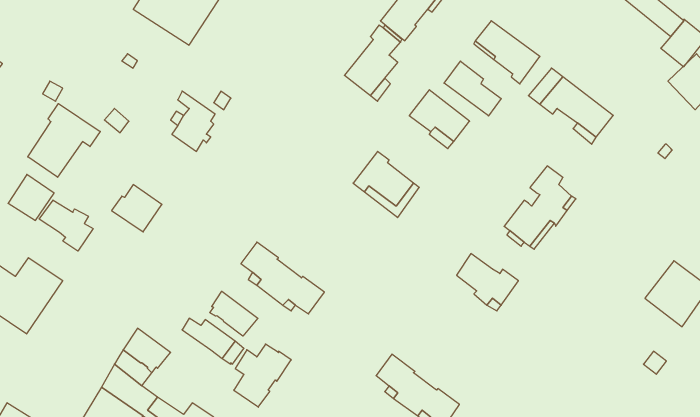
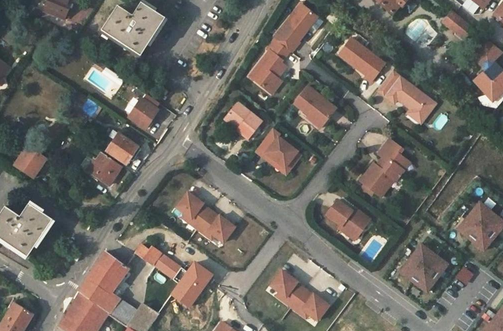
building: [444,61,501,116] -> none
building: [28,104,100,177] -> none
building: none -> [224,100,266,138]
building: none -> [106,133,140,162]
building: [39,200,93,251] -> none
building: [210,291,258,336] -> none
building: none -> [399,244,445,291]

